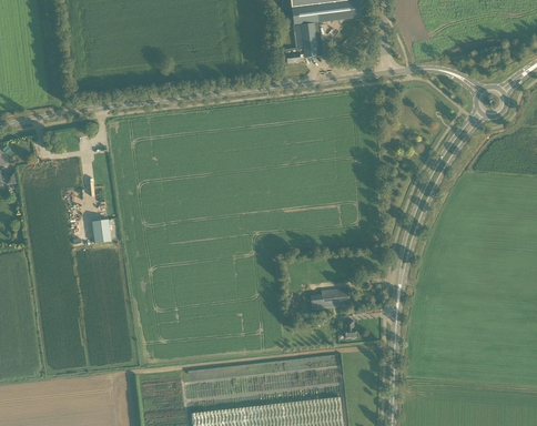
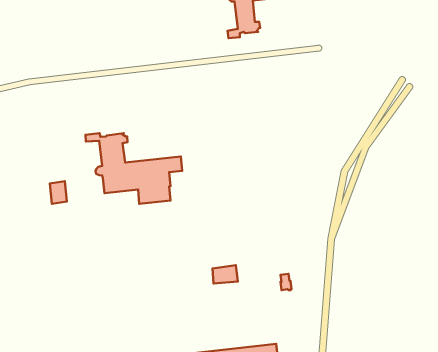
building: none -> [85,133,182,204]
building: [320,286,347,306] -> [213,265,238,284]

